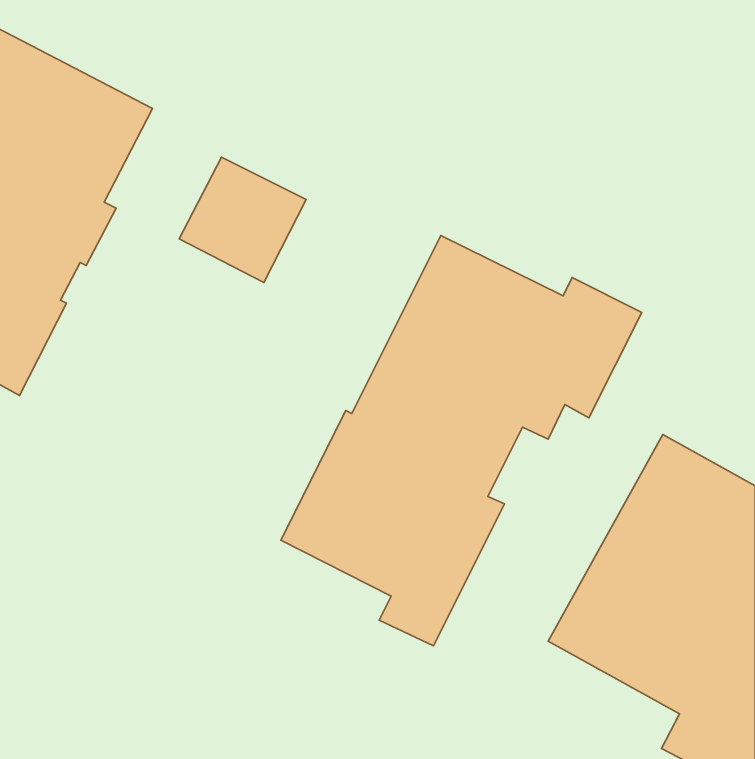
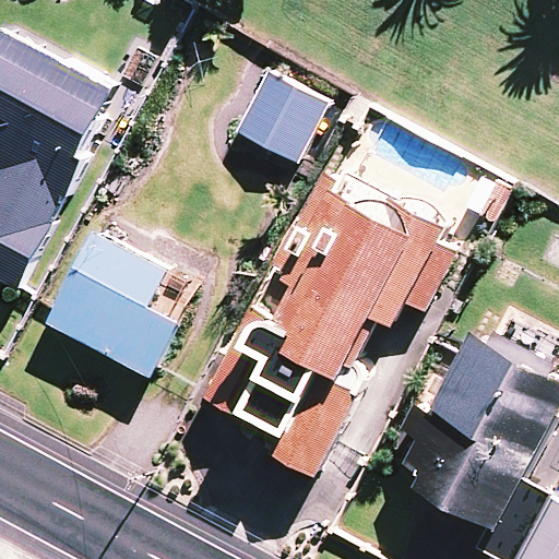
building: [179,157,306,282] -> [233,78,324,168]
building: none -> [46,231,179,379]

